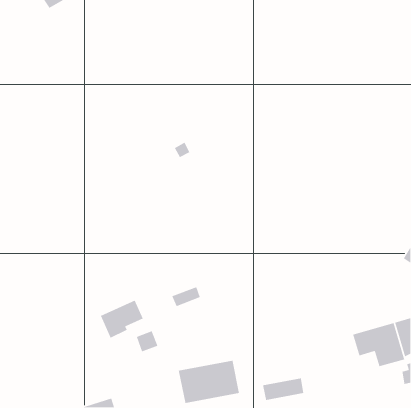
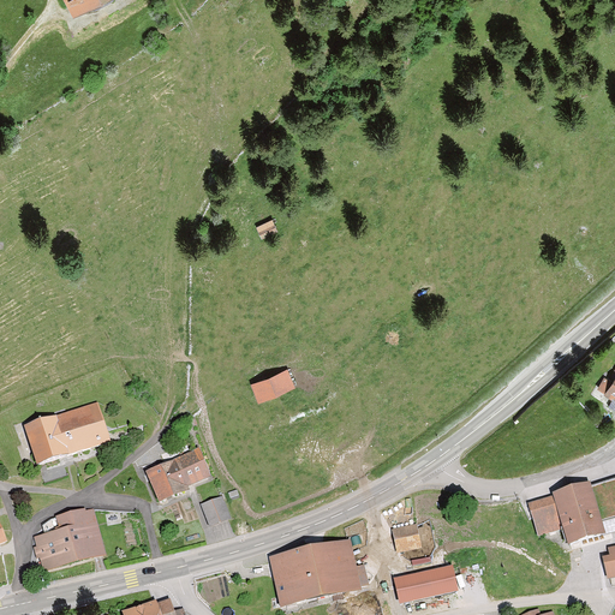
building: none -> [26,402,113,468]
building: [171,286,201,307] -> [249,365,293,396]
building: none -> [36,506,108,572]
building: none -> [390,523,419,551]

